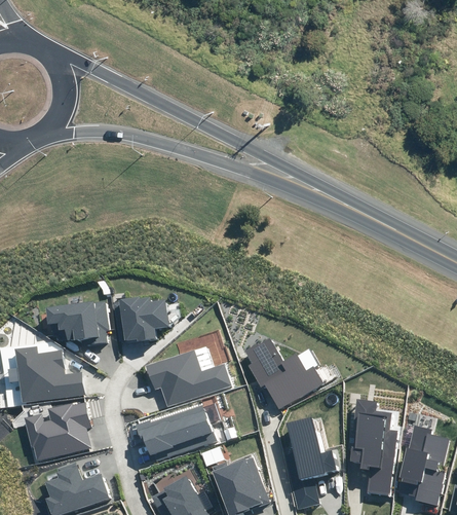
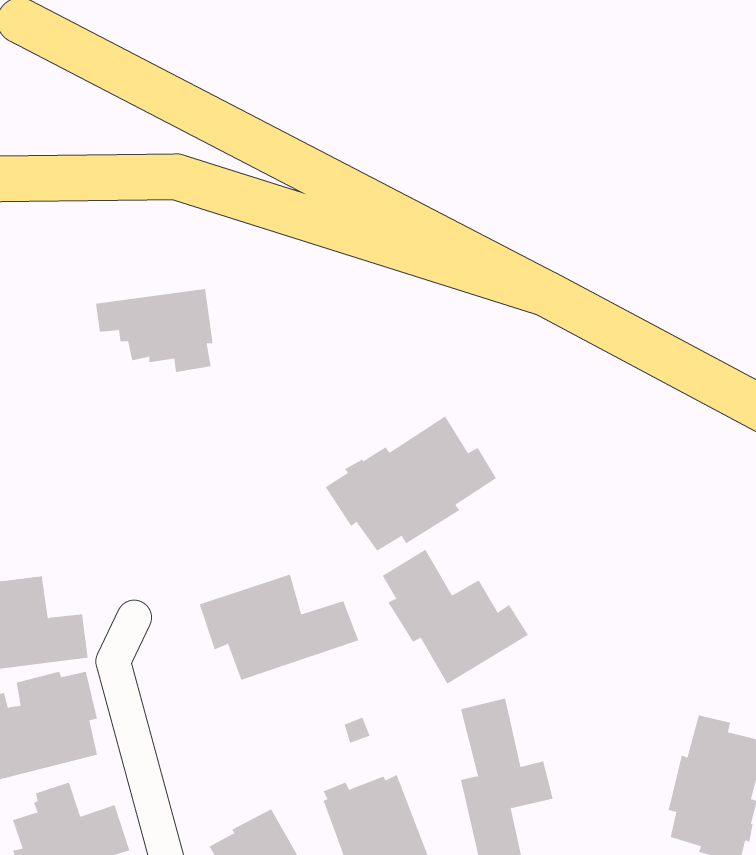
building: none -> [325,416,497,551]
building: [118,296,168,341] -> none
building: [45,300,109,345] -> [95,288,213,372]
building: [350,399,397,494] -> none
building: [135,405,217,462] -> none

